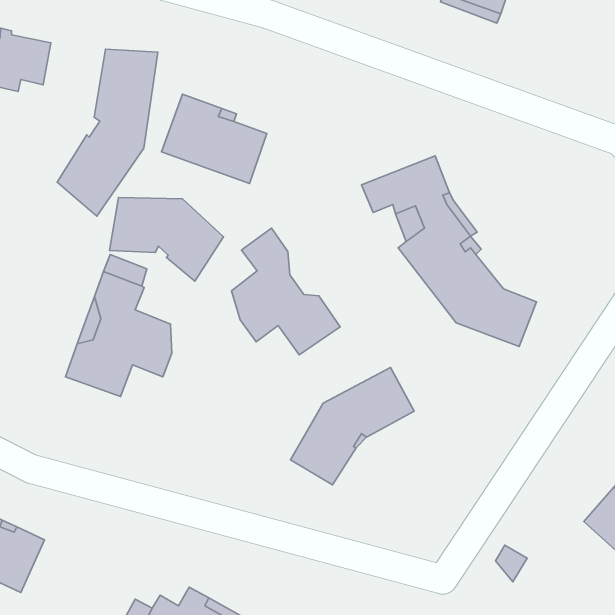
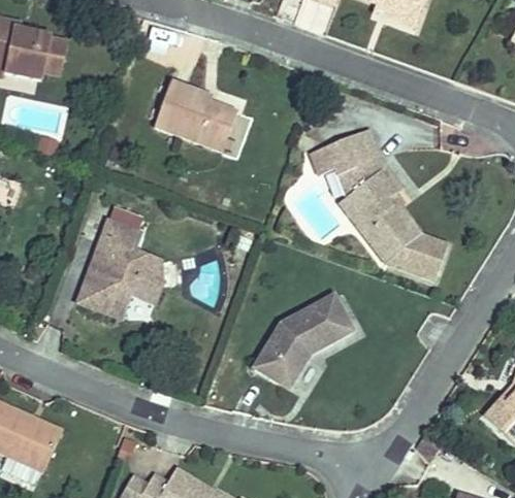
building: [57,49,158,216] -> none
building: [110,197,224,281] -> none
building: [231,228,340,355] -> none

